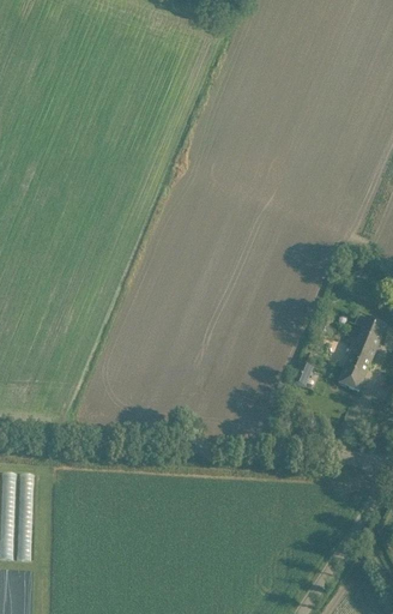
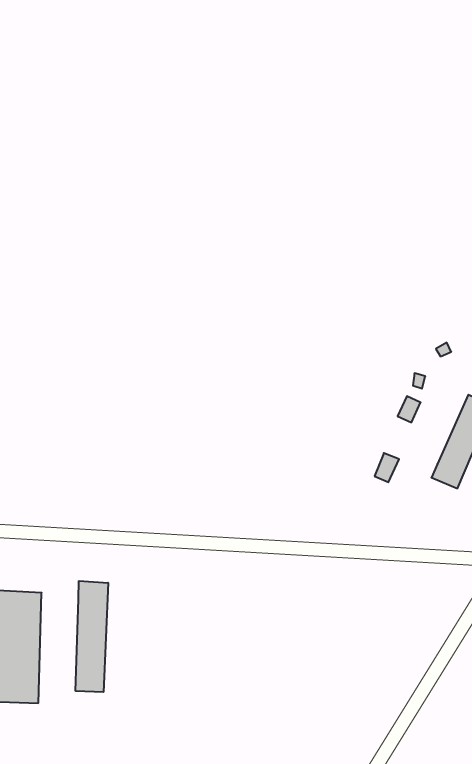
building: none -> [76,581,108,692]

